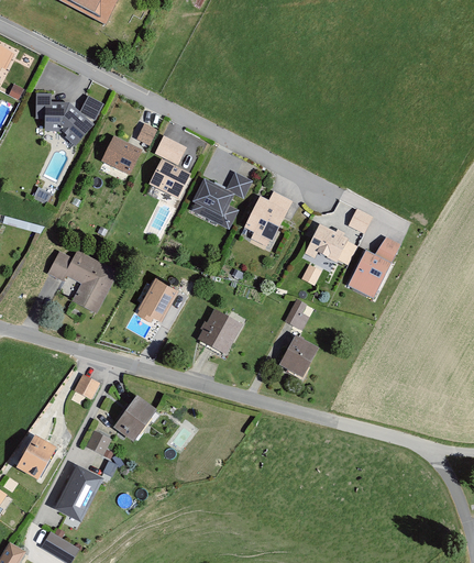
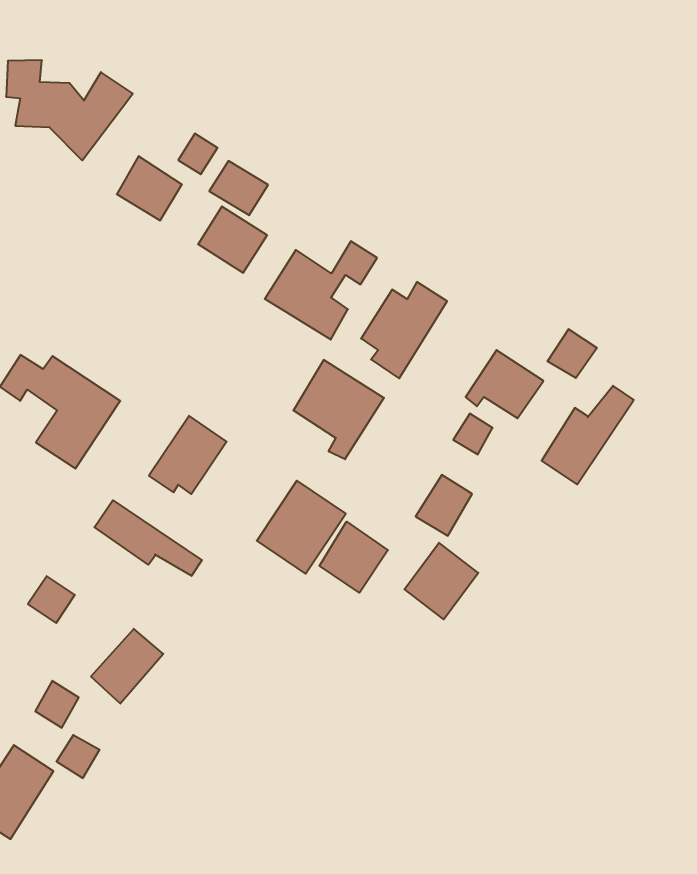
building: none -> [293,360,384,459]
building: none -> [320,522,388,593]
building: none -> [94,500,202,576]

